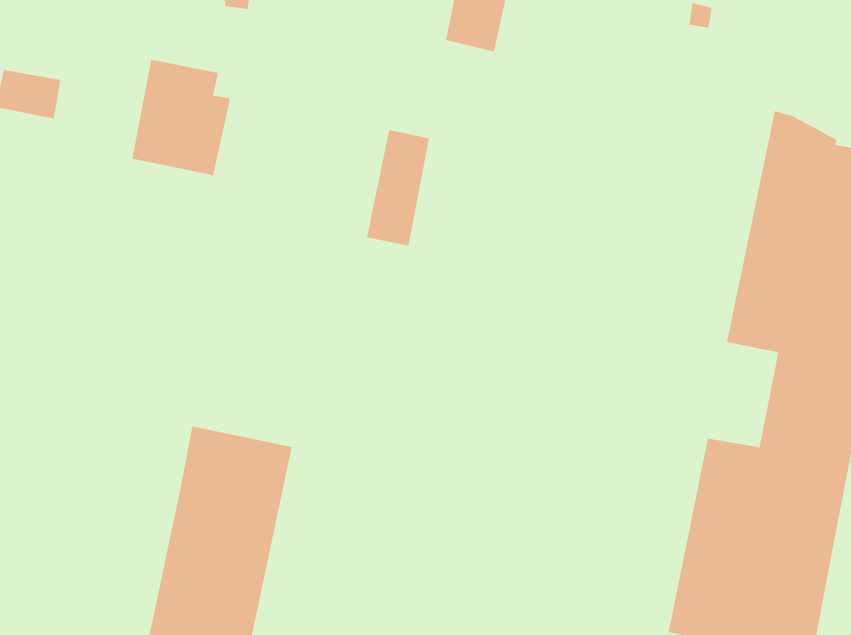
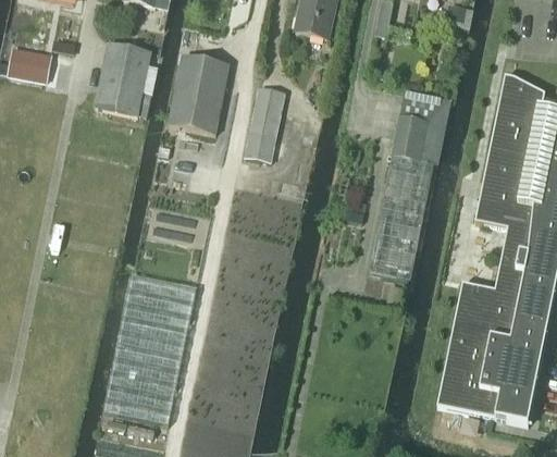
building: none -> [168,55,228,132]
building: none -> [367,102,444,279]

